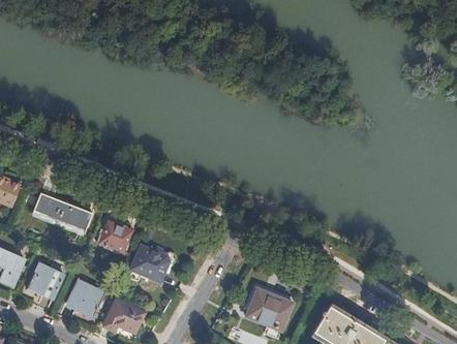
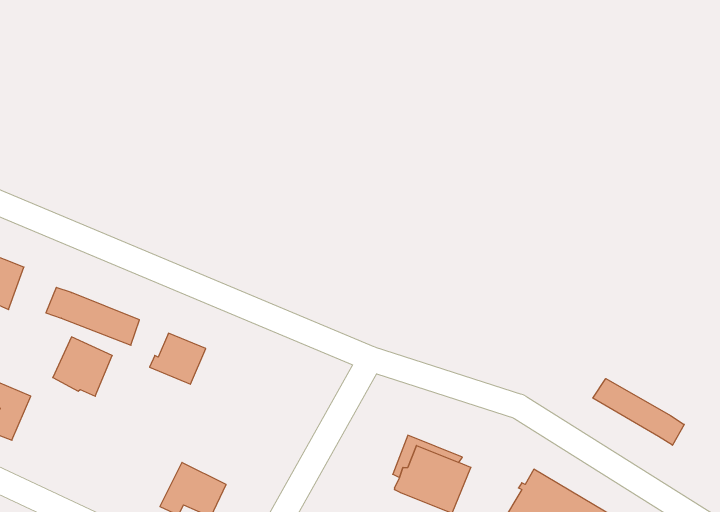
building: [130,245,169,282] -> none
building: none -> [593,379,684,445]
building: [27,263,63,300] -> [53,337,112,396]
building: [66,279,105,315] -> none

